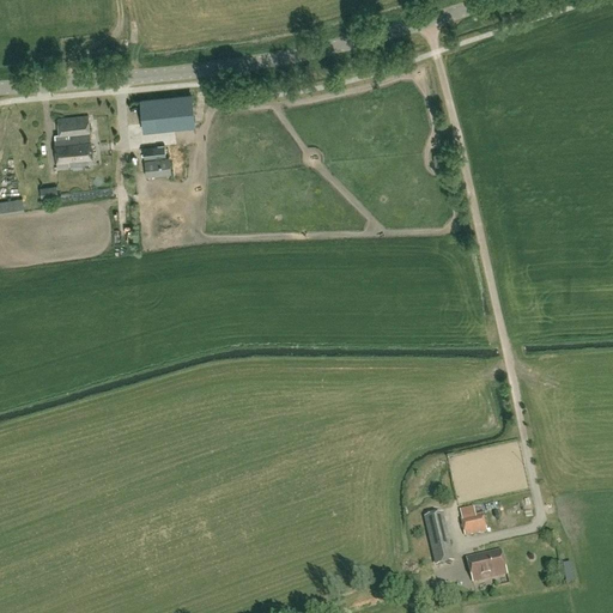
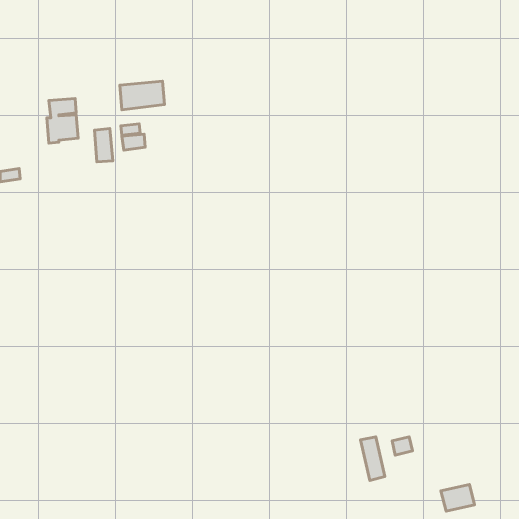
building: none -> [94,129,113,162]
building: [467,551,506,582] -> [441,485,474,511]

